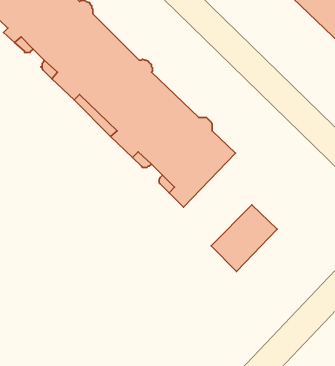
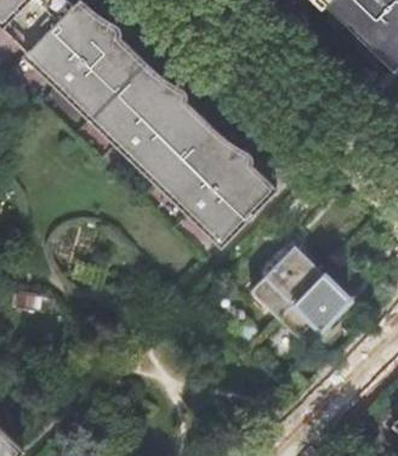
building: none -> [279,273,351,346]

